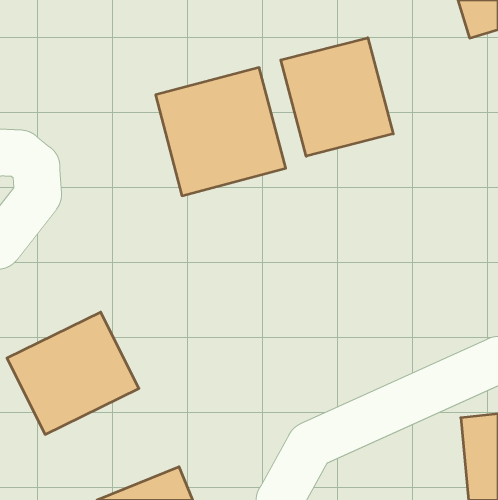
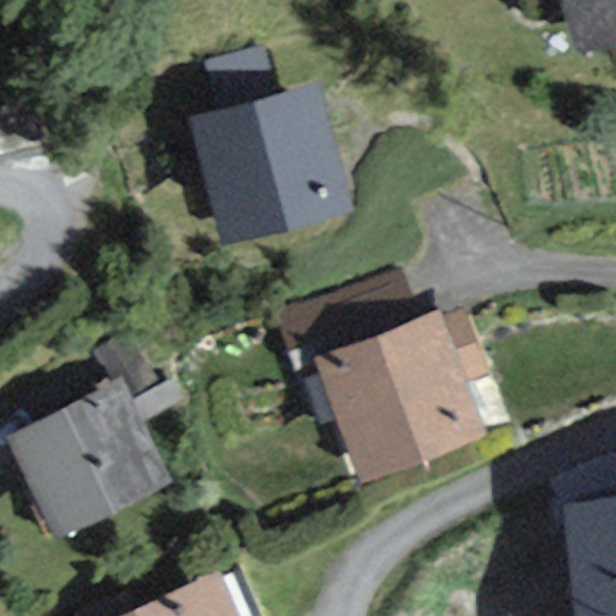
building: [281,38,393,156] -> none
building: none -> [316,313,486,478]

